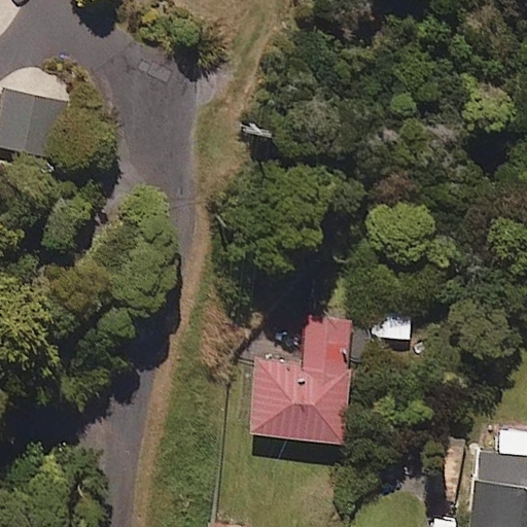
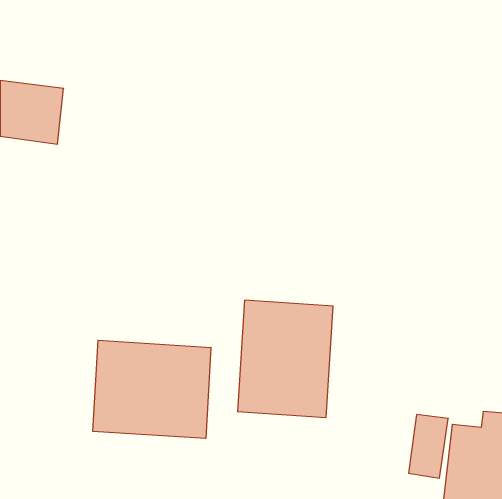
building: none -> [93,340,211,438]

